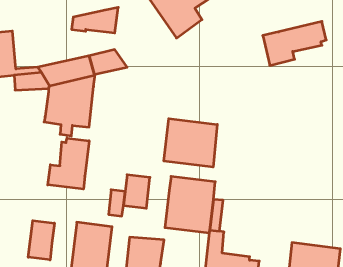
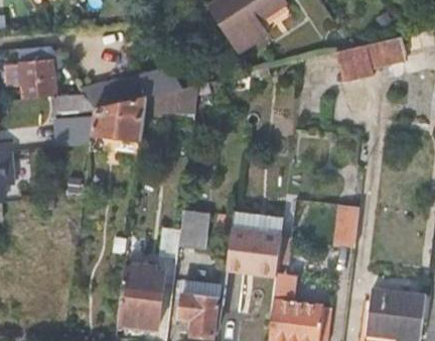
building: [72,7,118,33] -> [143,84,196,113]
building: none -> [55,115,92,145]
building: [164,119,217,167] -> none
building: [48,138,89,189] -> none
building: none -> [332,205,358,248]
building: [28,221,54,260] -> none

